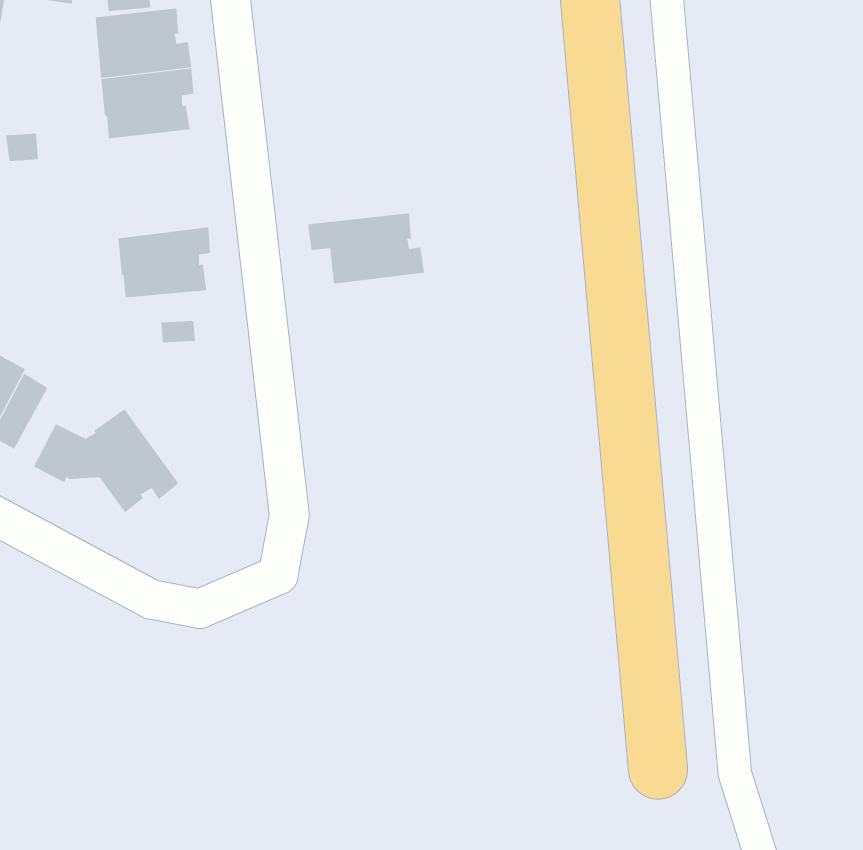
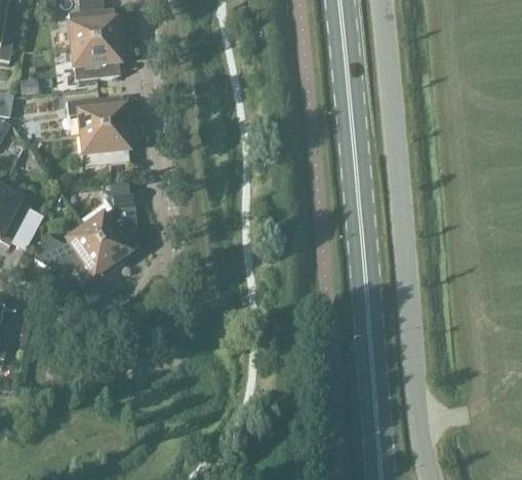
building: [307,213,425,284] -> [66,93,130,132]
building: none -> [84,192,138,267]

